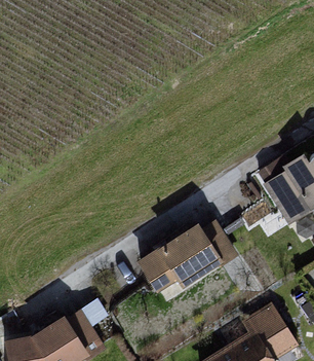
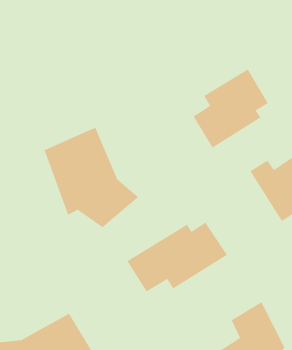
building: none -> [193,68,269,149]
building: none -> [44,127,139,228]

